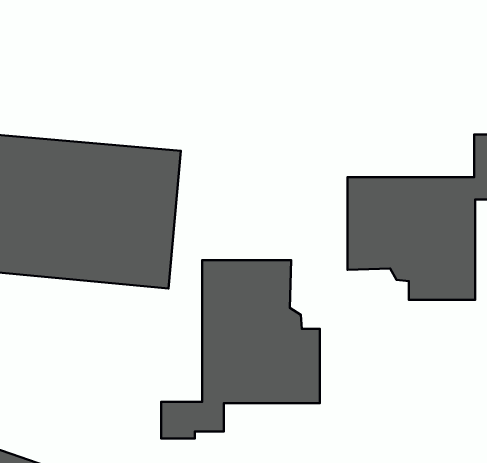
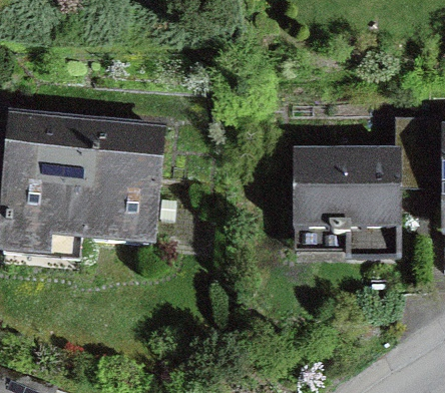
building: [161,260,320,438] -> none

